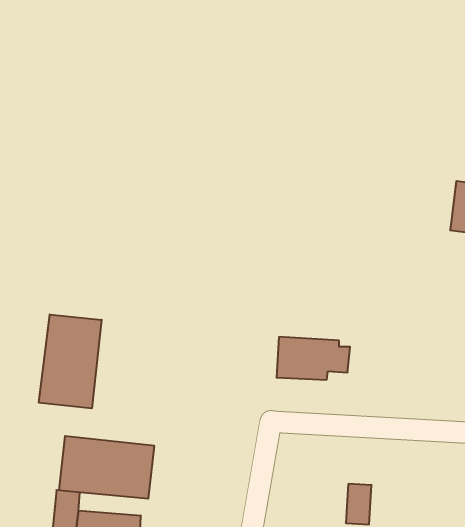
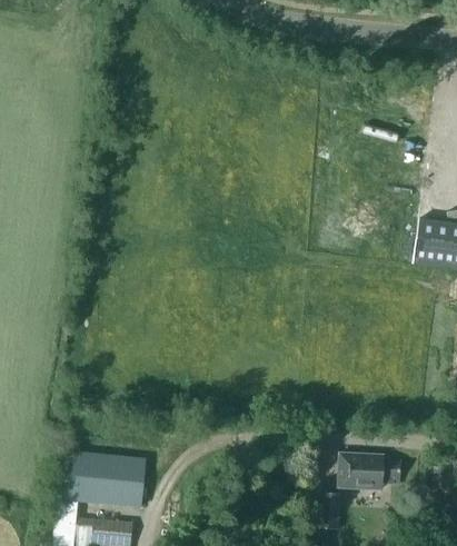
building: [39,314,102,408] -> none
building: [276,337,350,380] -> [336,450,403,489]

